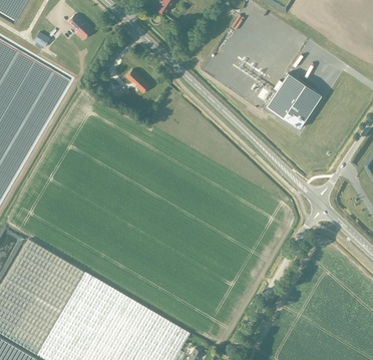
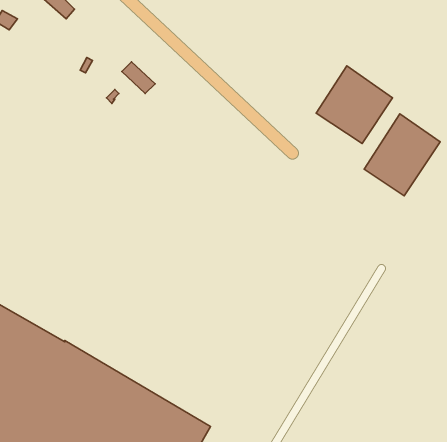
building: none -> [364,114,440,196]

